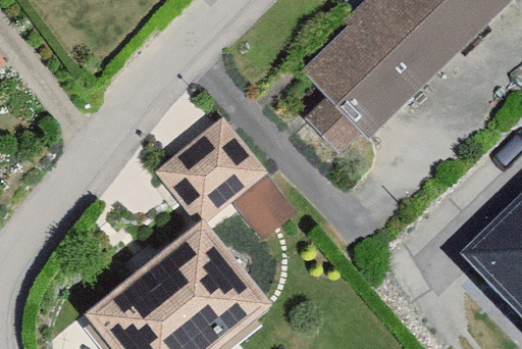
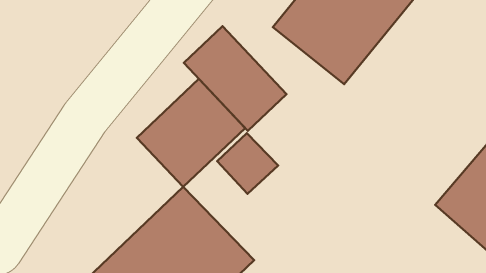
building: none -> [184,26,287,131]

